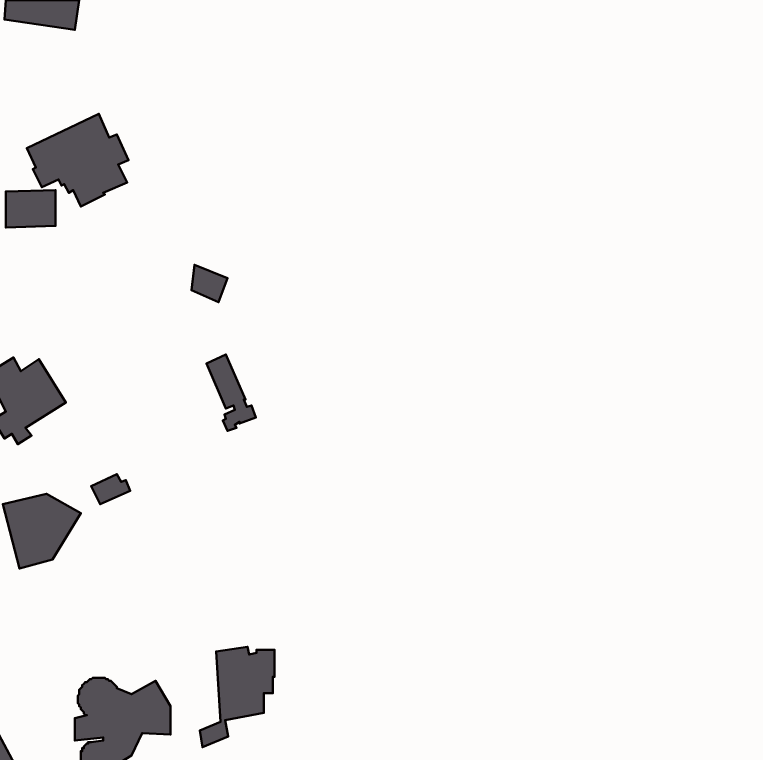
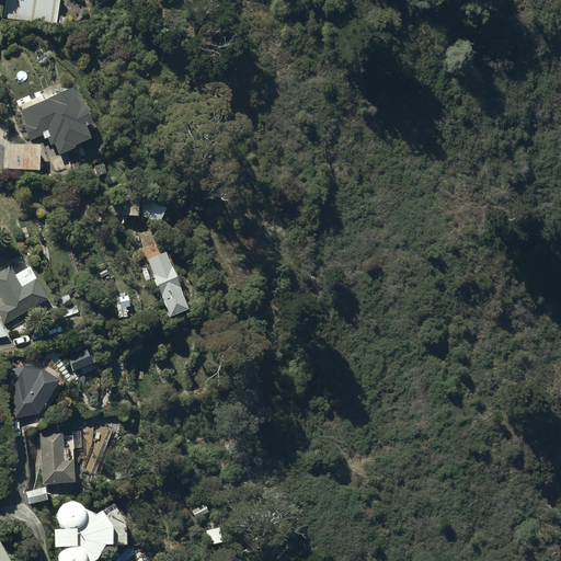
building: [200,647,274,747] -> [26,432,81,505]

